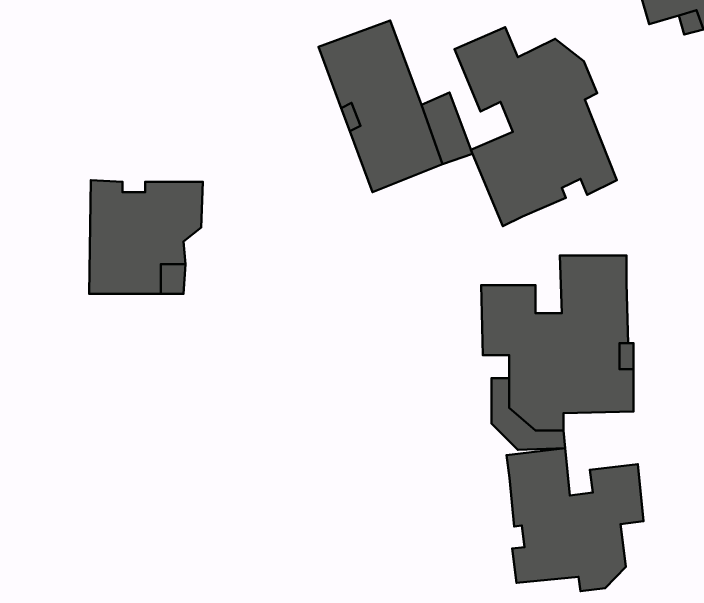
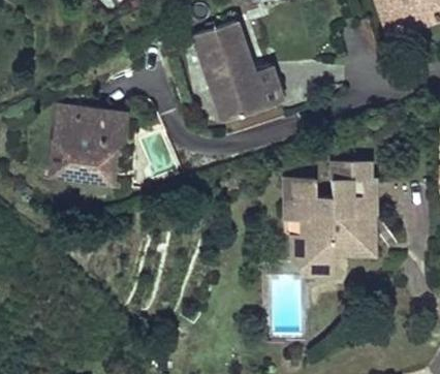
building: [455,27,617,226] -> none
building: [507,448,644,591] -> none

